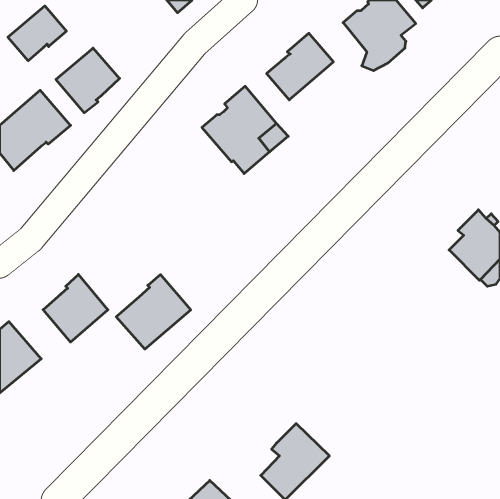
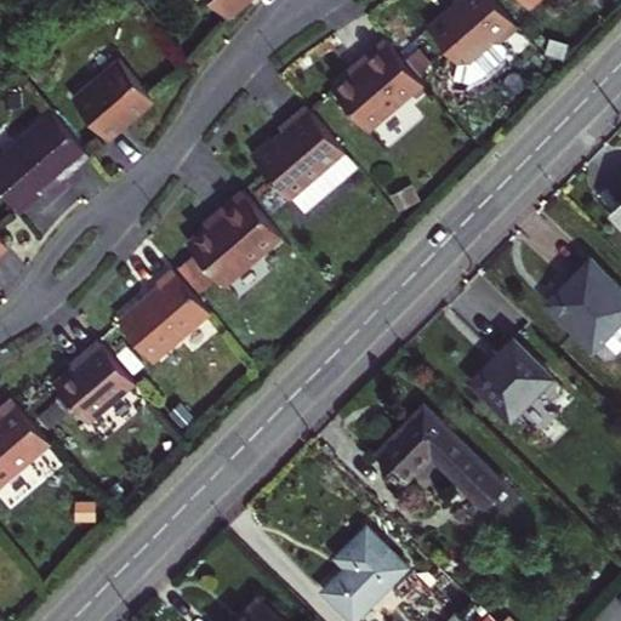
building: [8,6,66,61] -> none
building: none -> [184,193,279,289]
building: none -> [477,340,554,422]
building: [116,275,191,349] -> [116,270,209,363]
building: none -> [380,406,506,507]

